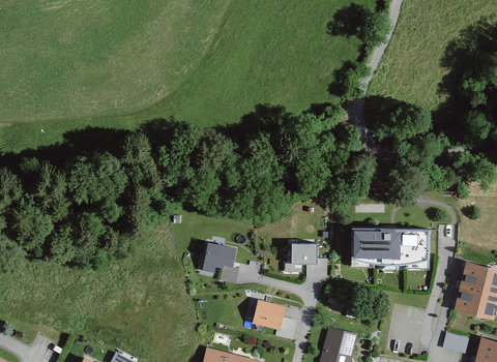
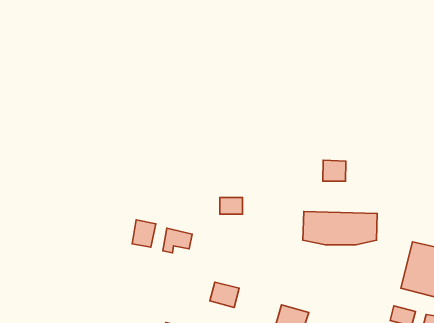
building: none -> [323,160,346,181]
building: none -> [132,220,156,247]
building: [292,247,316,265] -> [220,197,242,214]

